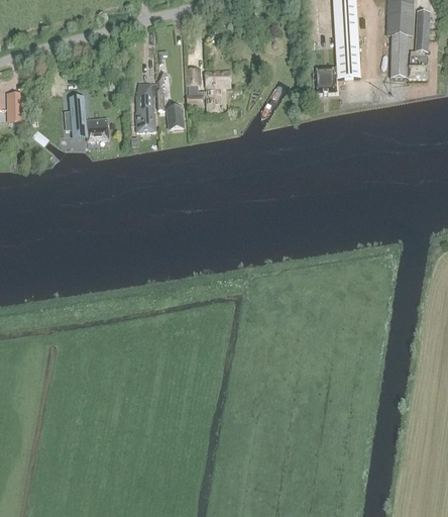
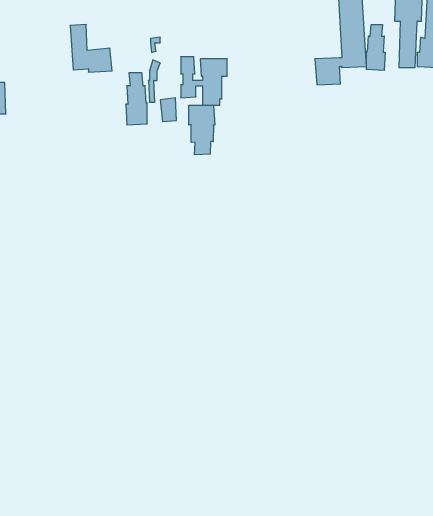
building: none -> [367,25,385,70]
building: [69,94,108,138] -> [70,25,112,72]
building: none -> [189,105,215,155]

